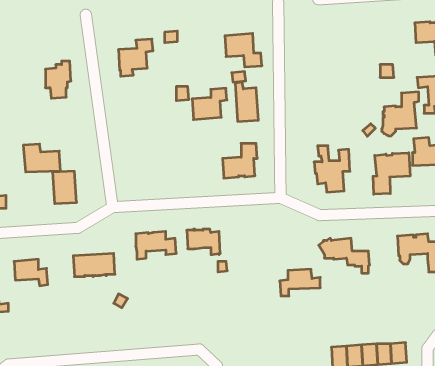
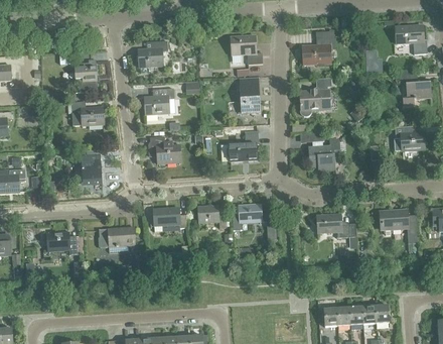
building: none -> [302,30,335,64]
building: [192,88,227,120] -> [144,87,174,114]
building: [382,92,419,136] -> [299,77,331,115]
building: [23,144,60,172] -> [70,100,103,124]
building: none -> [148,135,179,162]
building: [373,153,410,194] -> none
building: [280,269,320,296] -> [232,204,267,227]

